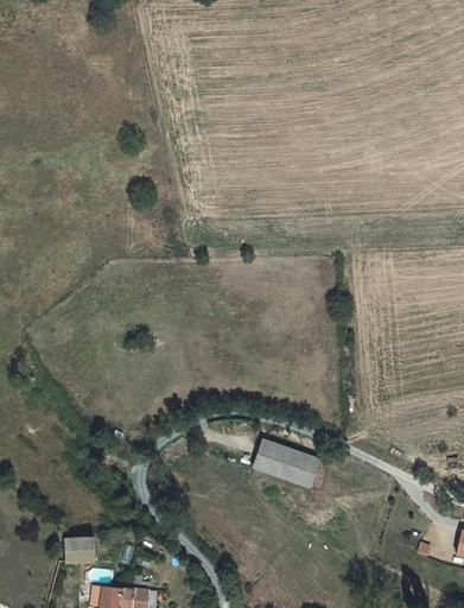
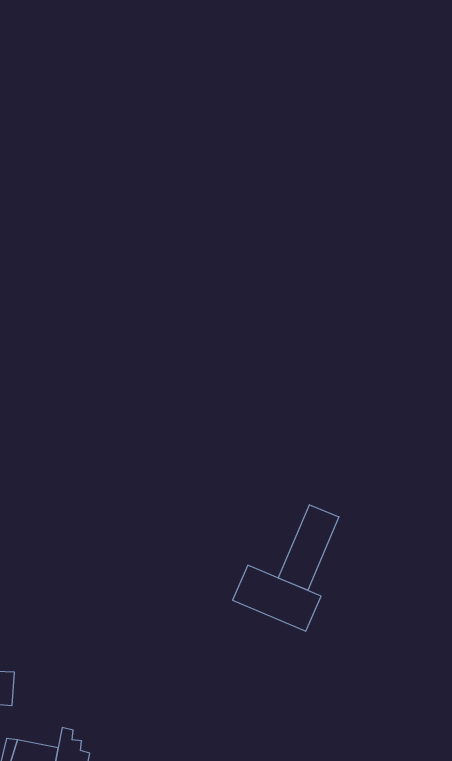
building: none -> [278,505,339,590]

